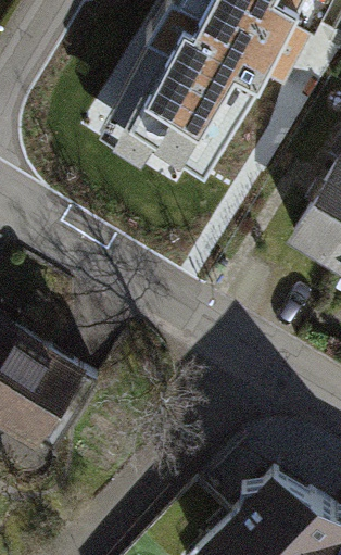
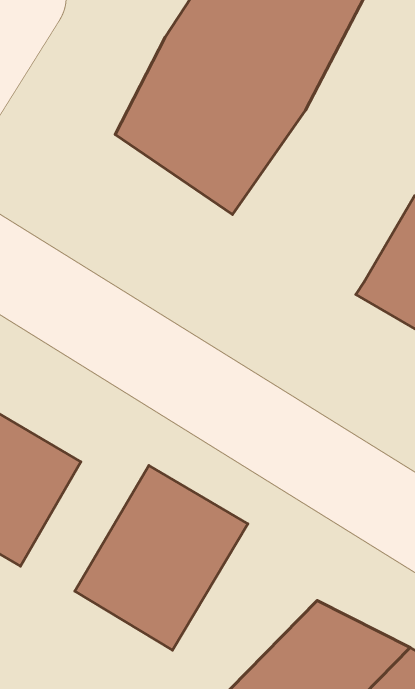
building: none -> [75,466,248,650]

